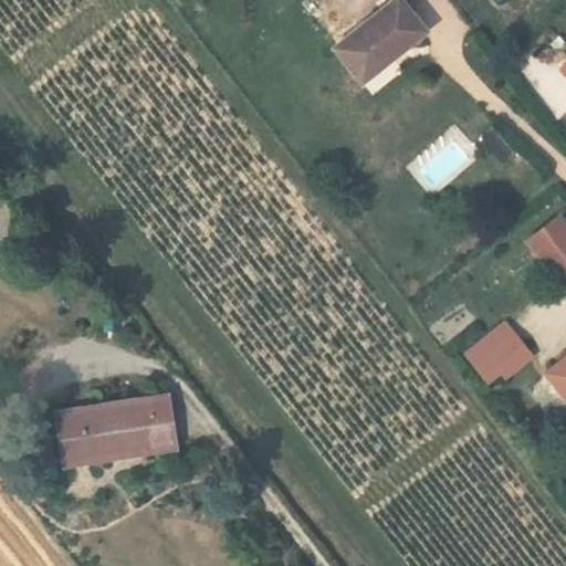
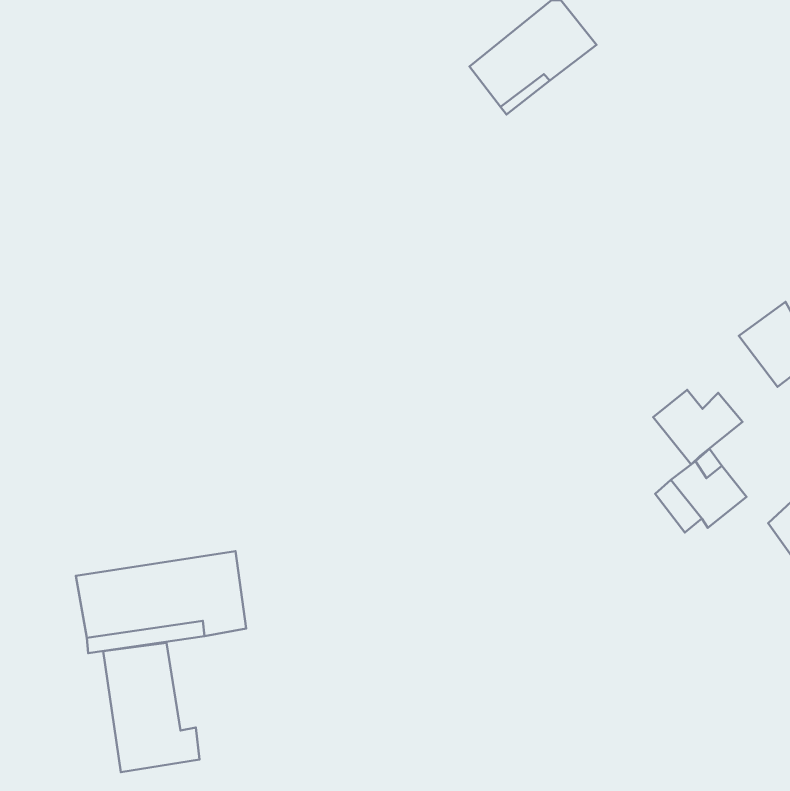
building: none -> [653,390,743,465]
building: none -> [103,643,199,772]

